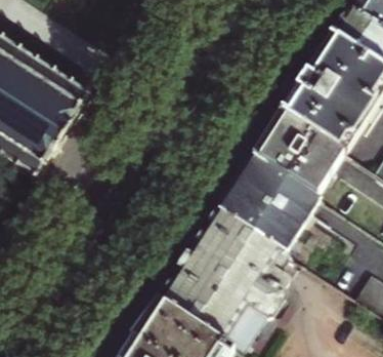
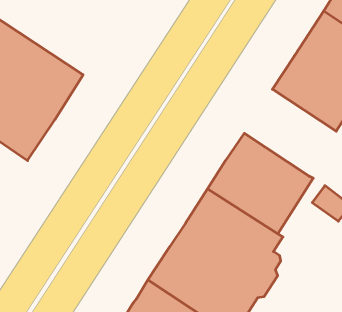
building: [253,114,344,199] -> none

